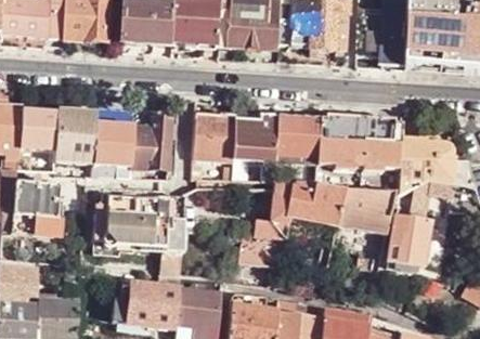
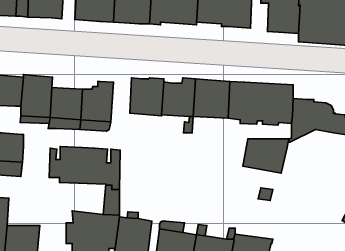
building: [393,178,452,208] -> none
building: [241,181,343,266] -> none
building: [386,213,432,268] -> none

